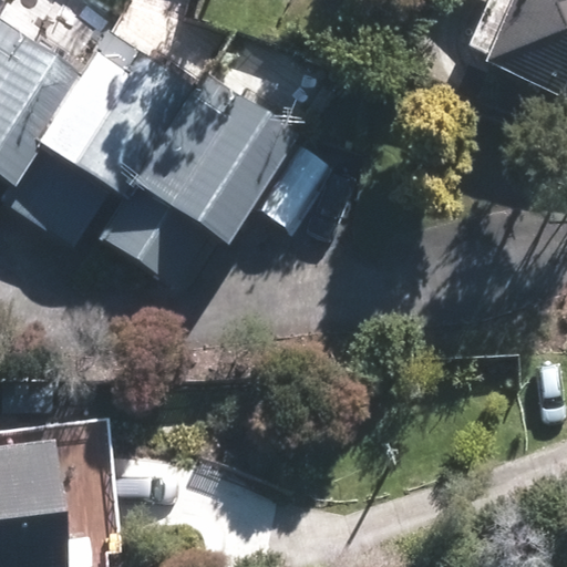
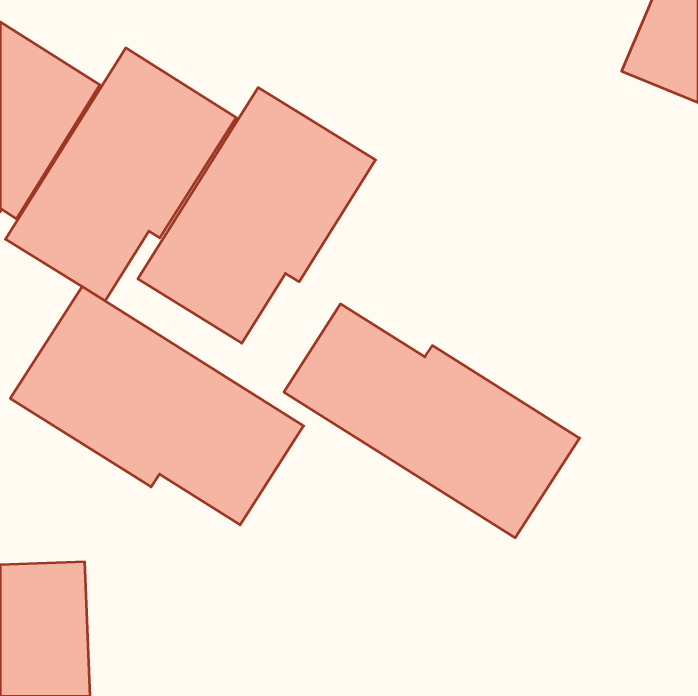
building: none -> [10,287,304,525]
building: none -> [284,304,580,538]

